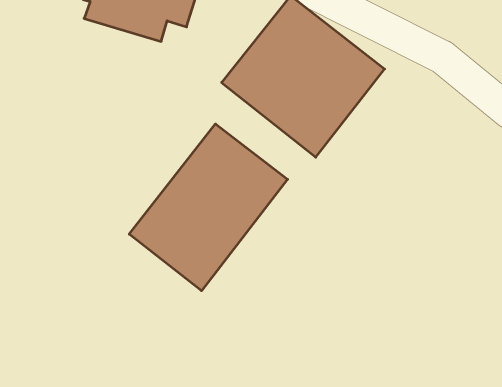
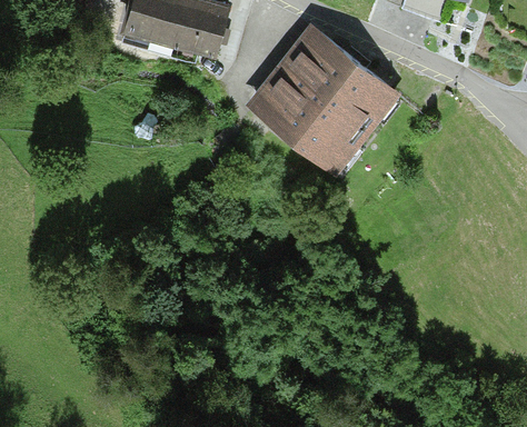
building: [129,124,288,291] -> none

